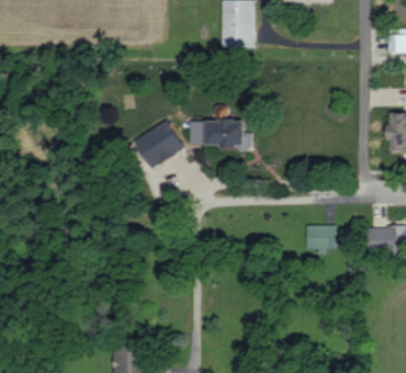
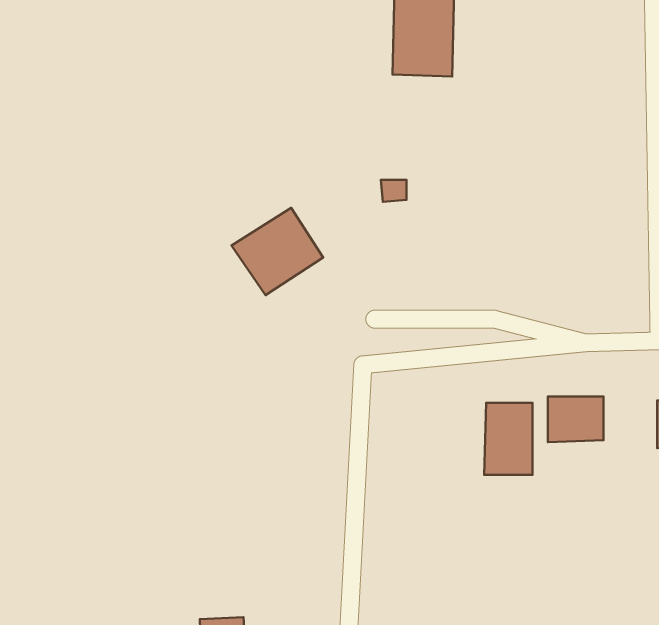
building: [190,120,251,147] -> none
building: none -> [484,403,532,475]

